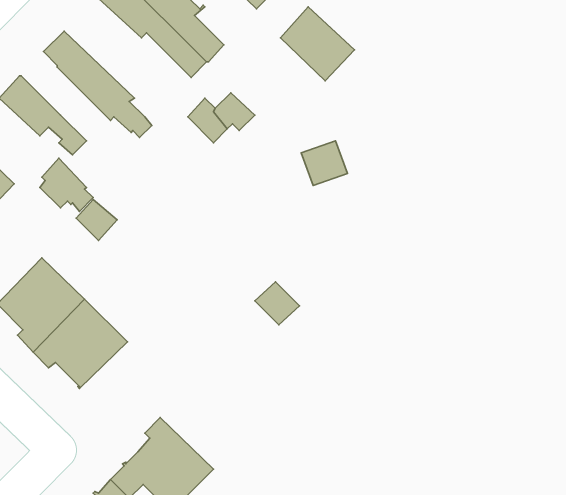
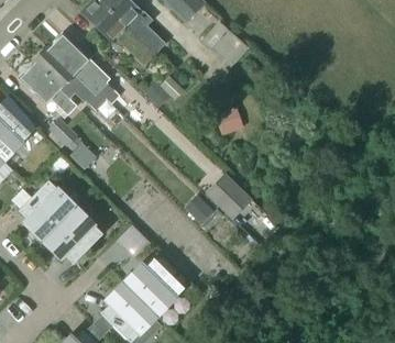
building: none -> [32,46,105,109]
building: none -> [205,175,249,220]
building: none -> [123,258,184,316]

